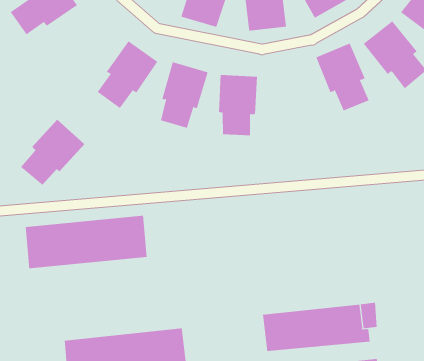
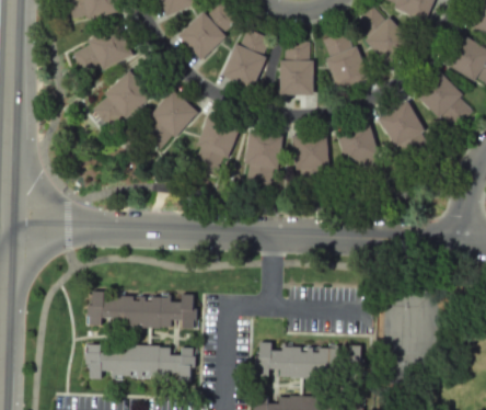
building: none -> [294,134,329,189]
building: [20,119,85,185] -> [93,70,152,127]
building: [25,215,147,269] -> [88,292,194,331]

